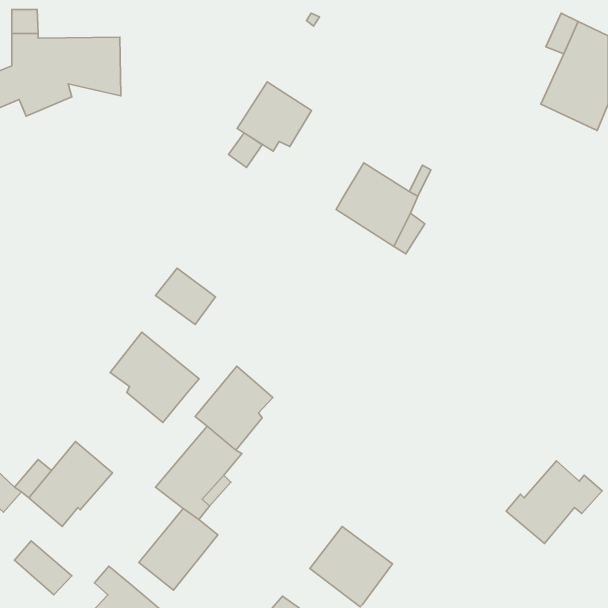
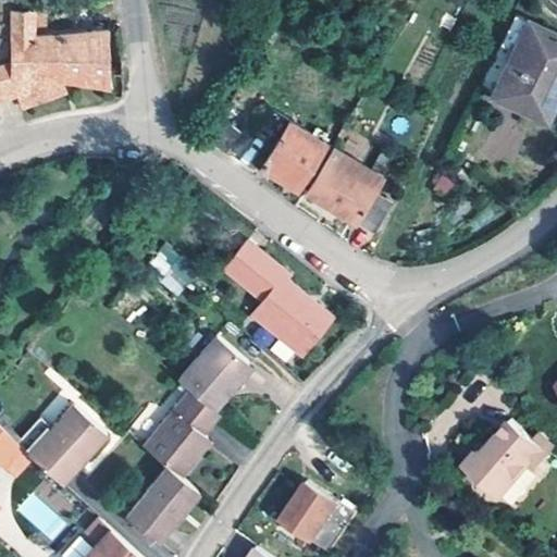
building: [237,82,311,151] -> [263,125,331,188]
building: none -> [224,242,332,356]
building: [110,332,199,423] -> none

